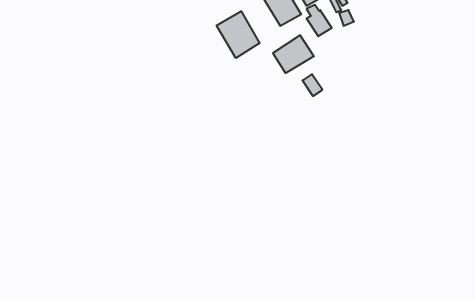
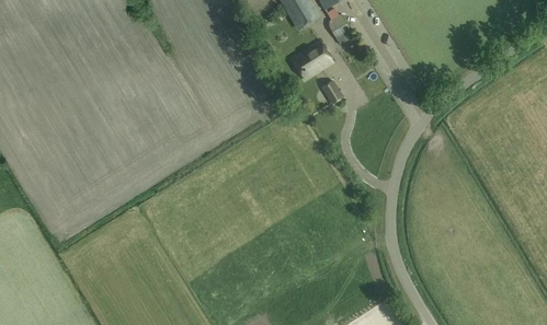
building: [217,11,260,58] -> none

